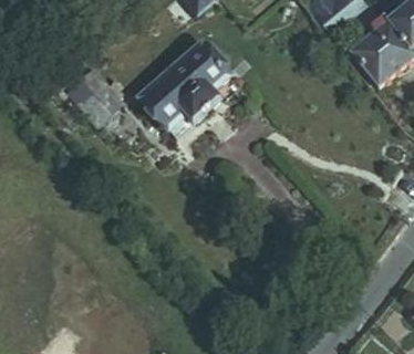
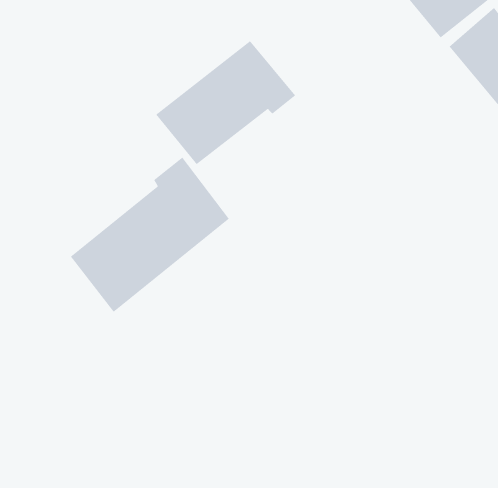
building: [75,77,122,121] -> none
building: none -> [70,156,230,313]

